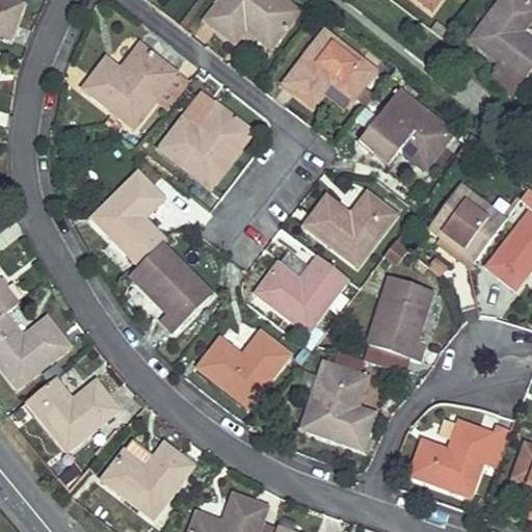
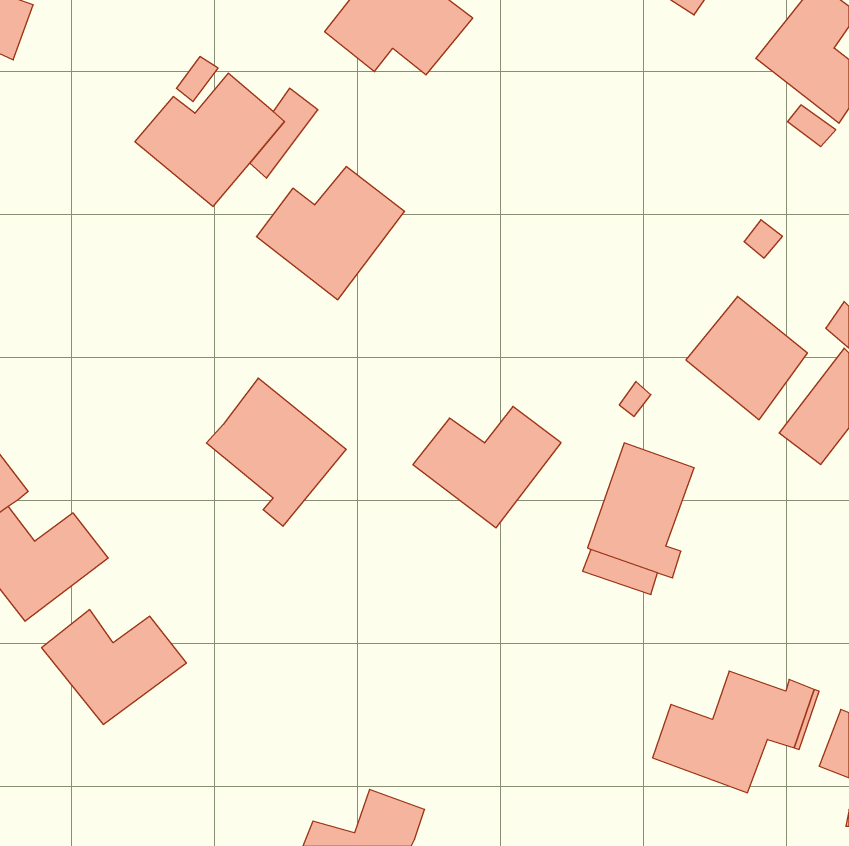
building: [283,32,374,107] -> none
building: [358,89,453,168] -> none
building: [87,171,162,265] -> none
building: [308,189,397,262] -> none
building: [202,327,294,403] -> none
building: [299,351,372,447] -> none
building: [99,443,190,517] -> none

